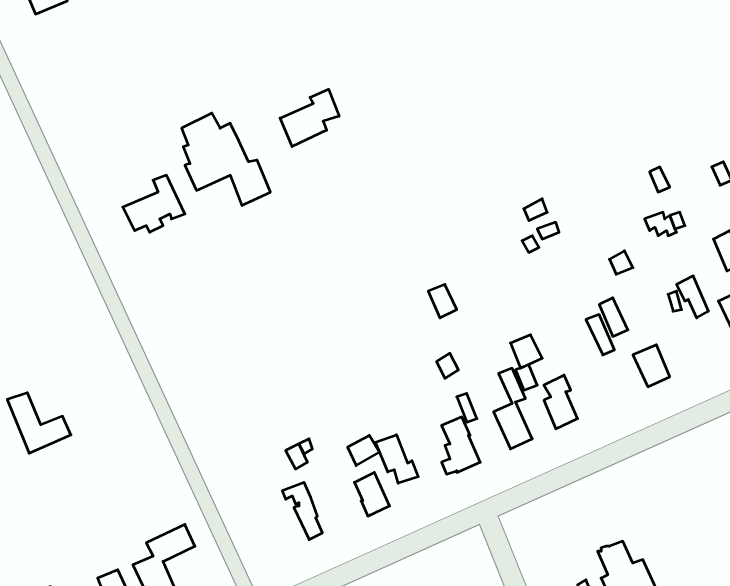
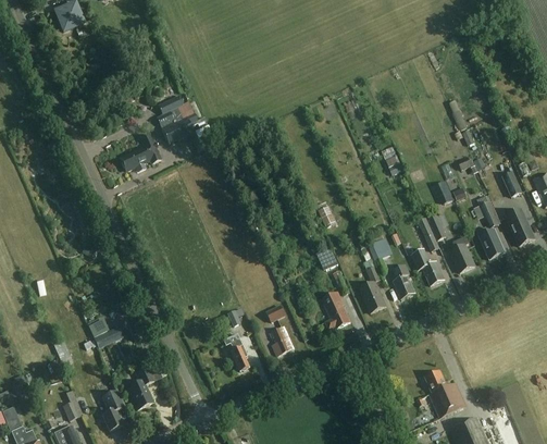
building: [280,89,339,147] -> none
building: none -> [477,226,505,258]
building: none -> [412,248,445,284]
building: [7,393,71,453] -> [84,309,125,348]
building: [375,435,418,483] -> none

